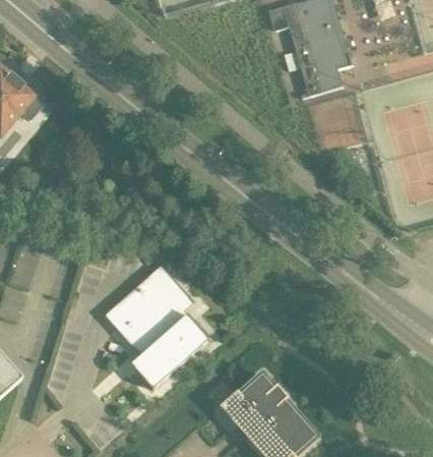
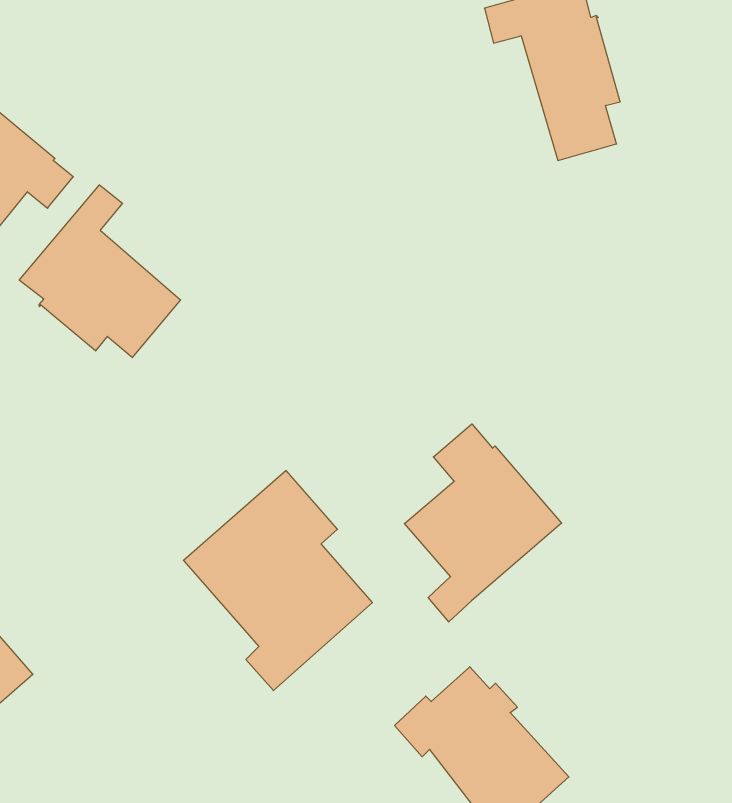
building: none -> [19,185,181,358]
building: none -> [404,424,562,622]

